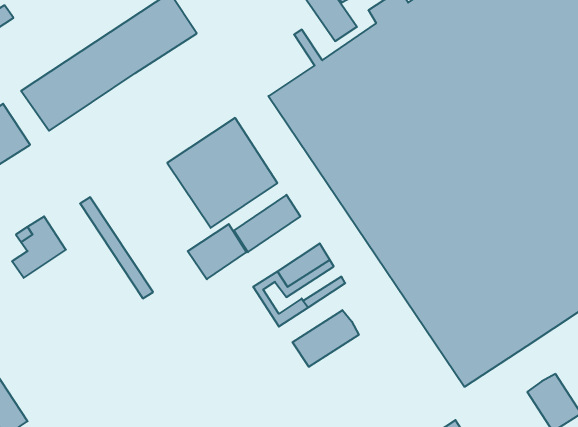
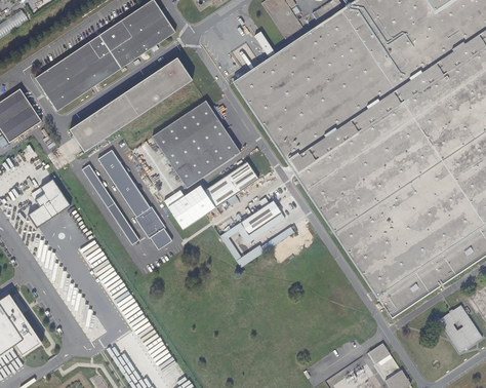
building: none -> [70,57,192,152]
building: none -> [98,149,172,248]
building: [293,310,359,367] -> none

